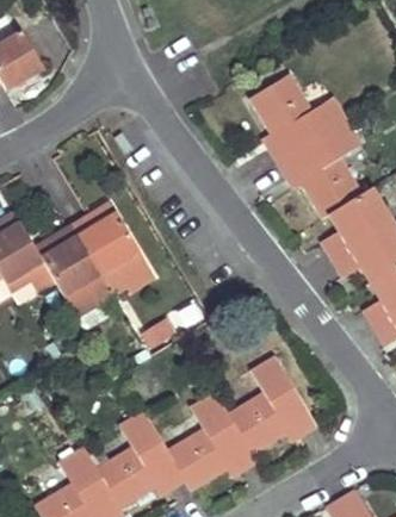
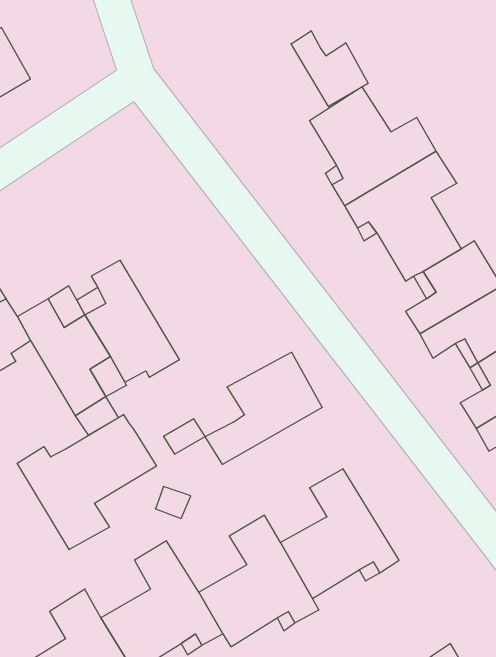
building: none -> [291,31,368,107]
building: none -> [205,352,322,464]
building: none -> [17,414,156,550]

